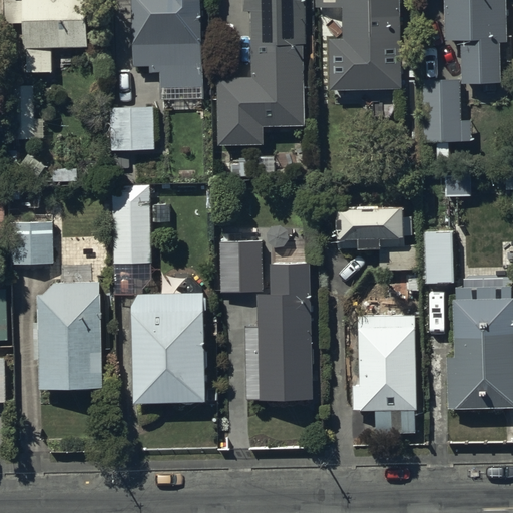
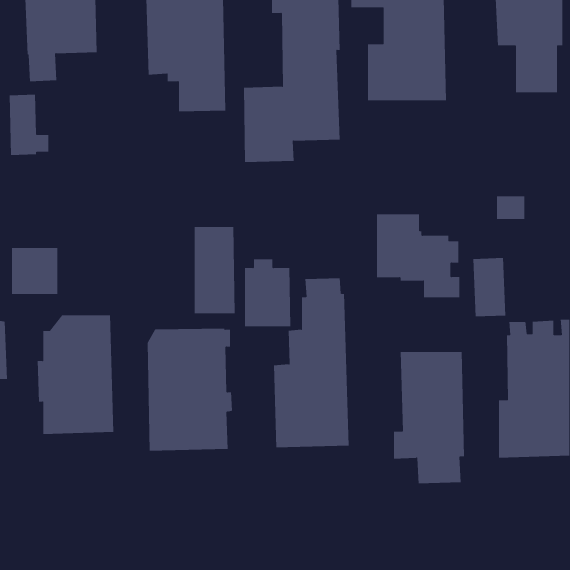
building: [420,79,471,143] -> none
building: [109,106,153,150] -> none
building: [112,184,149,263] -> [194,226,235,314]

